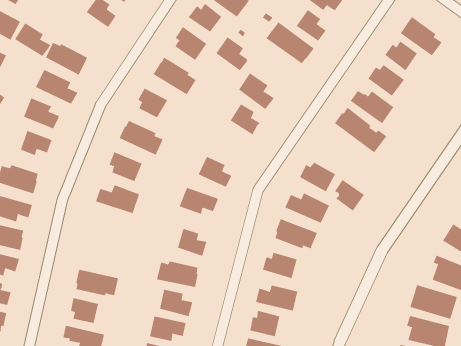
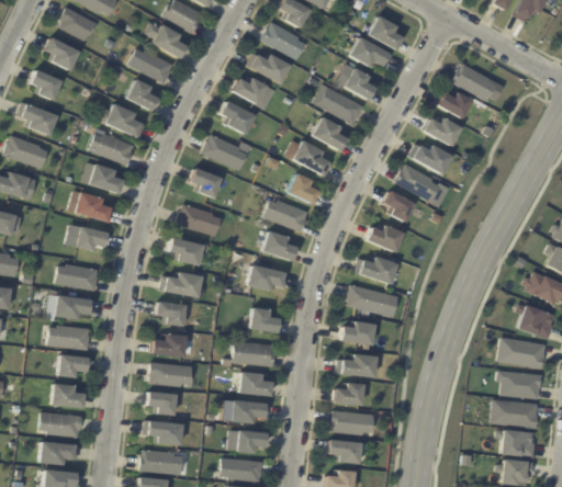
building: [14,22,51,57] -> [105,103,144,136]
building: [216,36,248,71] -> [312,116,346,150]
building: none -> [262,199,308,231]
building: [334,179,365,212] -> [383,190,415,222]
building: none -> [156,302,186,326]
building: none -> [151,333,187,359]

